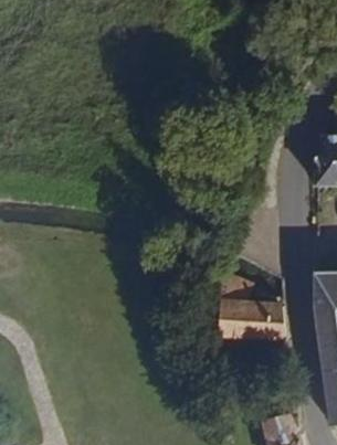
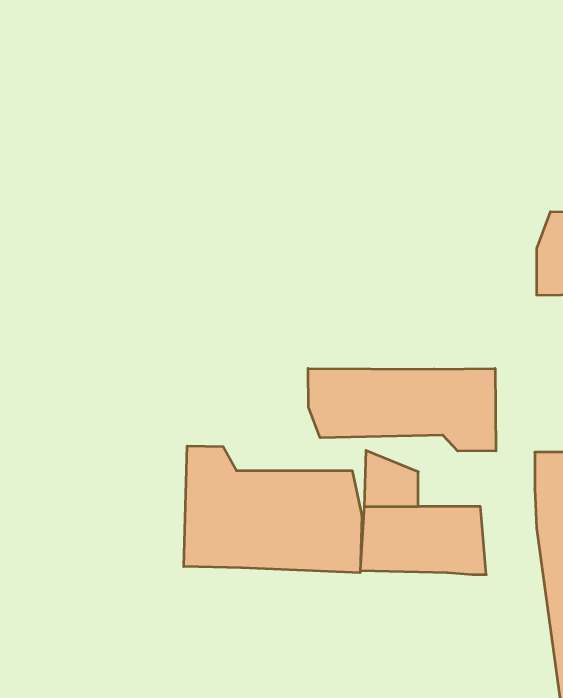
building: none -> [308,368,496,451]
building: none -> [184,446,362,573]

